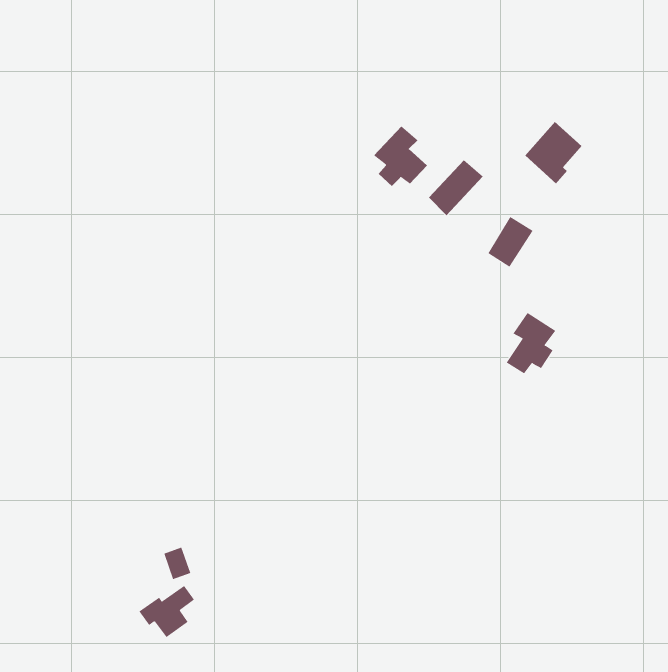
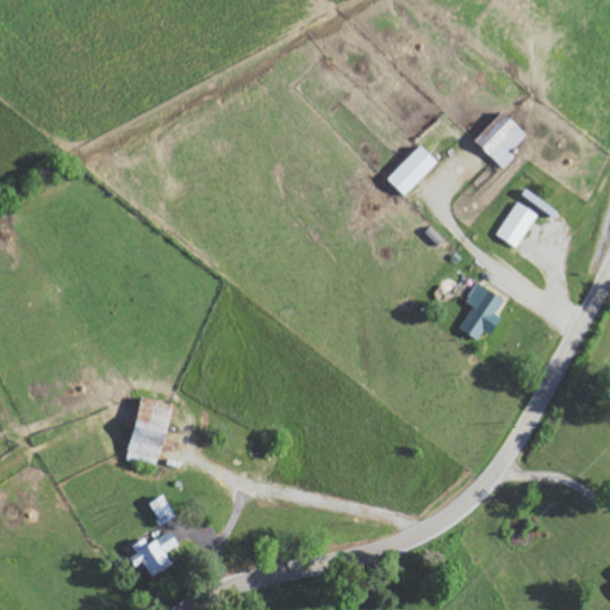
building: [373,126,428,187] -> none
building: [487,216,533,268] -> [494,200,536,247]
building: none -> [127,397,173,465]

